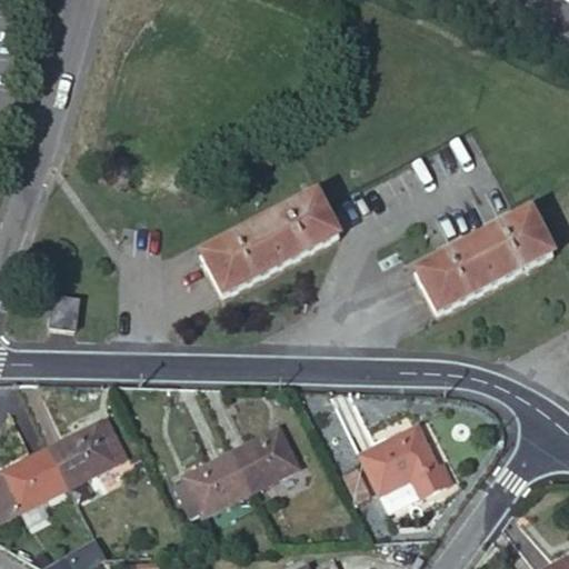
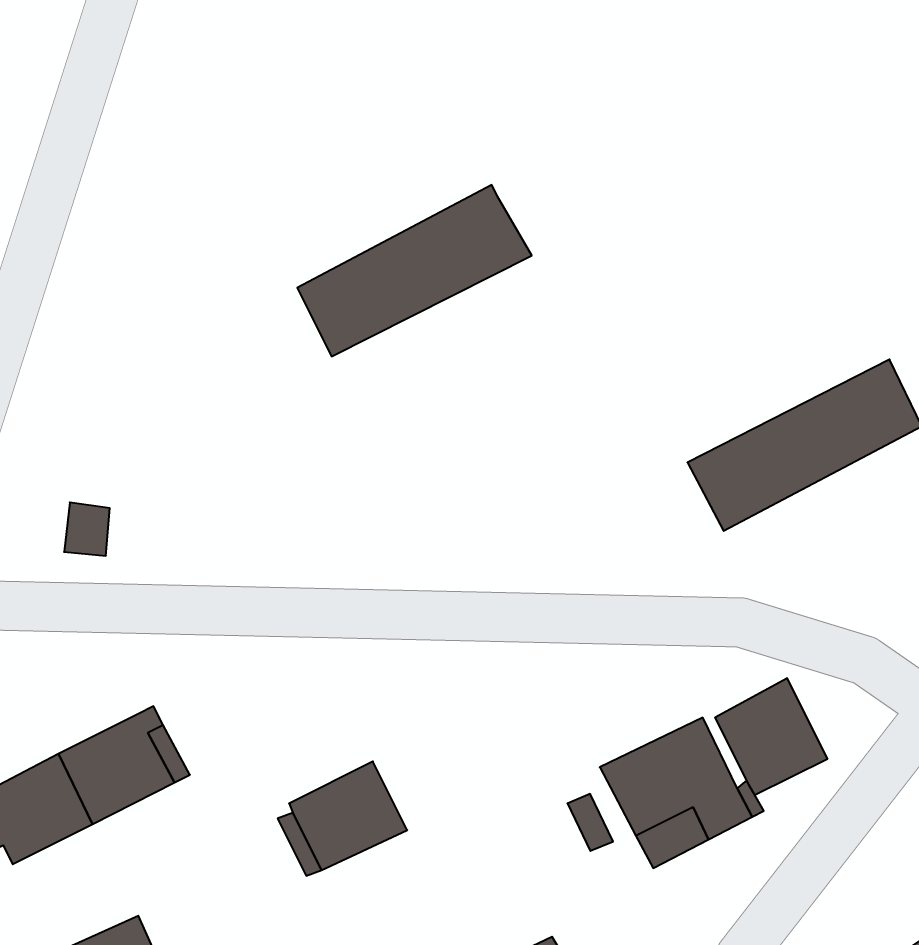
building: [201,197,338,297] -> [297,185,532,356]
building: none -> [715,678,827,795]
building: [231,427,299,489] -> none

